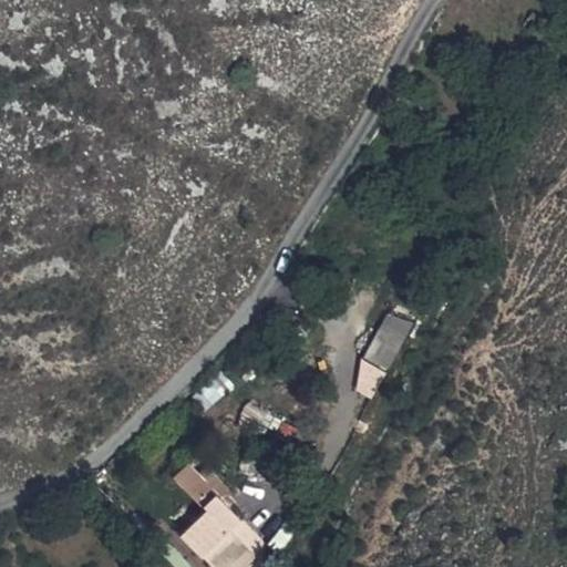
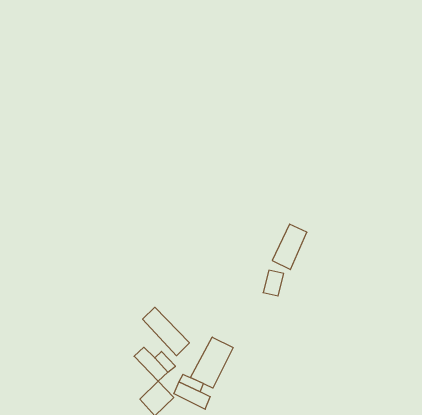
building: none -> [143,307,189,356]
building: none -> [191,337,233,388]

